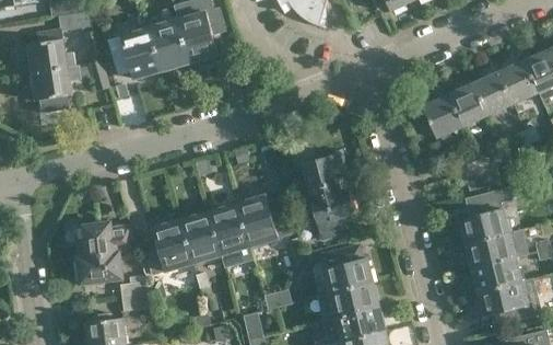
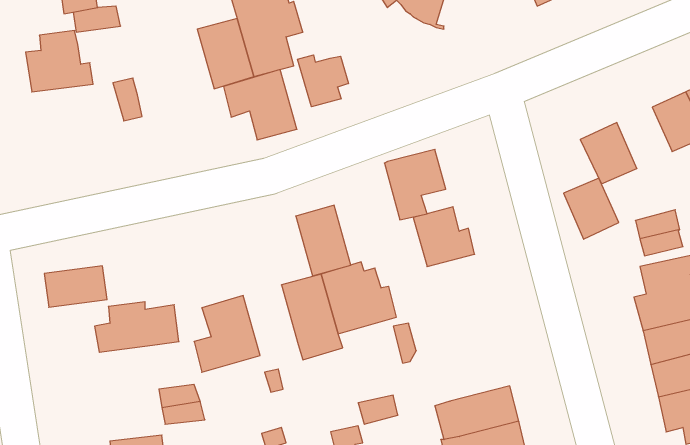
building: [108,27,161,78] -> [223,70,297,140]
building: none -> [298,55,348,107]
building: [31,66,80,113] -> none
building: [448,83,487,127] -> [564,178,619,239]
building: [310,188,354,239] -> [384,149,446,220]
building: [181,210,221,261] -> [296,205,351,276]
building: [79,253,123,283] -> [44,266,107,307]
building: [319,253,372,294] -> none

